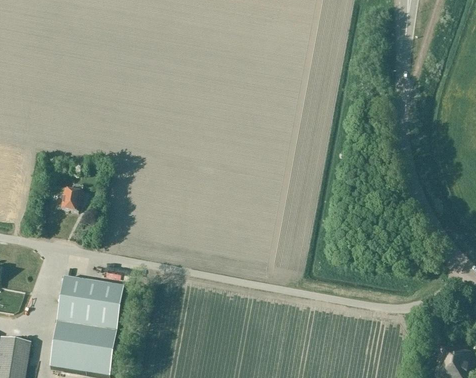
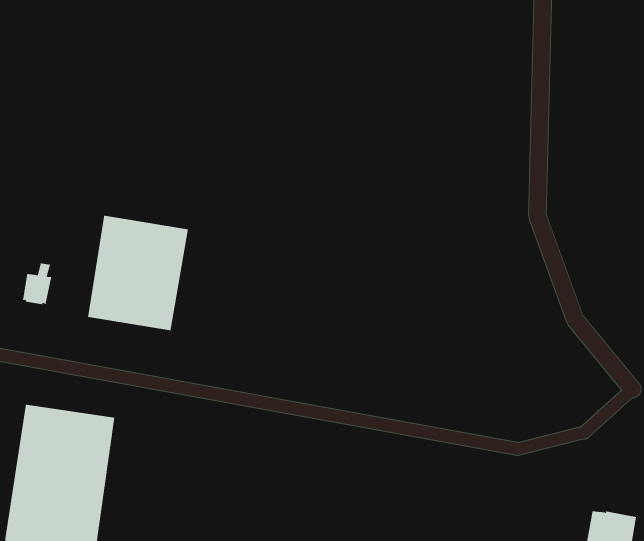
building: none -> [87,215,188,331]

